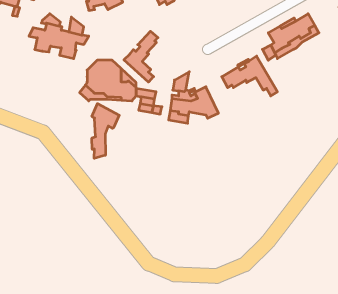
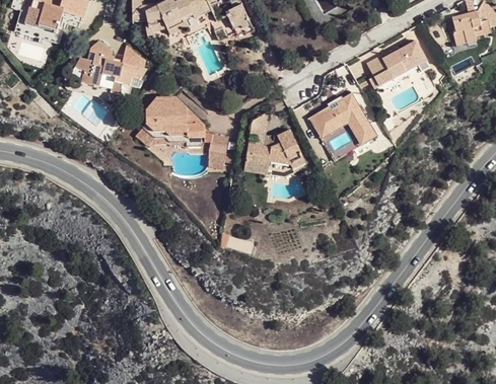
building: [124,31,158,82] -> none
building: none -> [316,118,369,145]
building: [92,104,119,158] -> none

